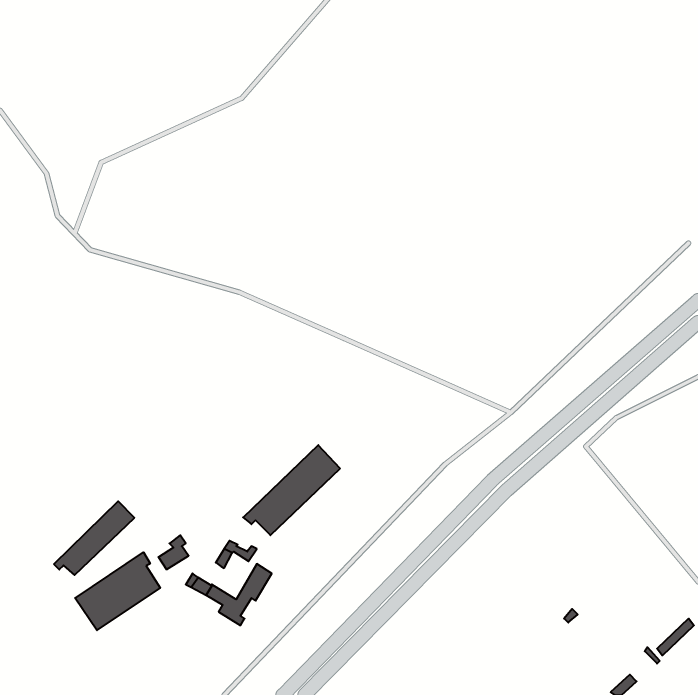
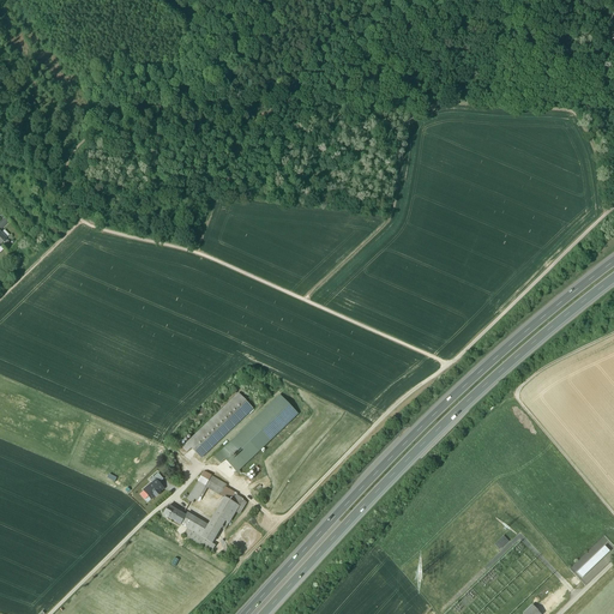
building: [54,501,134,575] -> [182,391,253,456]
building: [75,552,160,630] -> none

